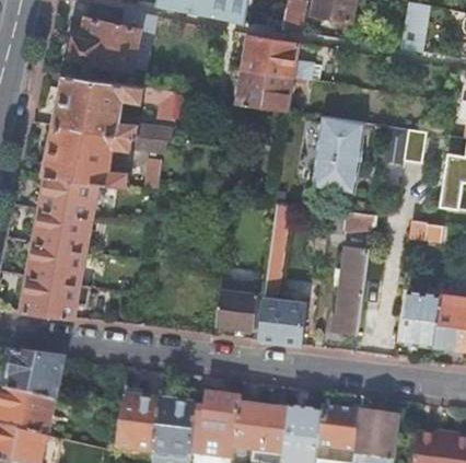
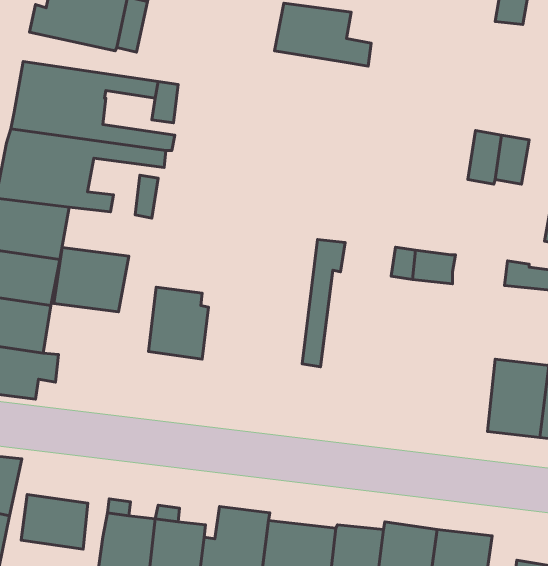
building: [238,68,291,111] -> none
building: [312,115,363,193] -> none
building: none -> [54,248,129,312]
building: [333,247,369,331] -> none
building: [215,278,258,329] -> [149,287,208,359]
building: [257,296,306,345] -> none
building: none -> [21,494,88,549]

